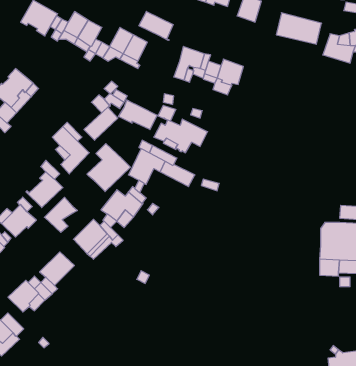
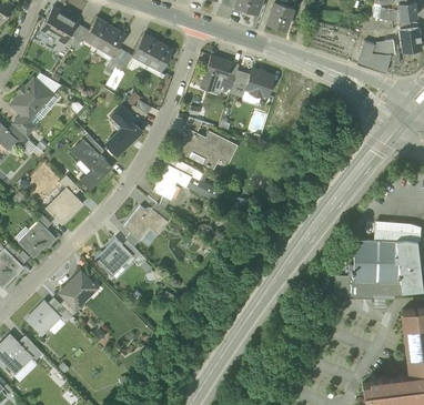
building: [139,11,173,40] -> none
building: [118,100,157,130] -> none
building: [87,144,130,192] -> none
building: [44,197,77,232] -> none

